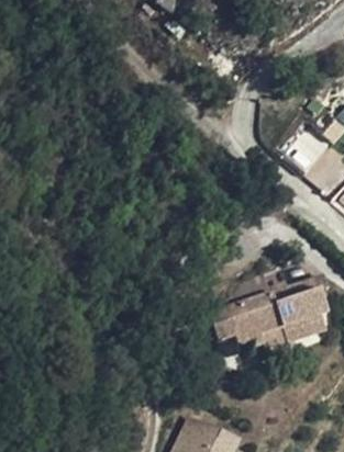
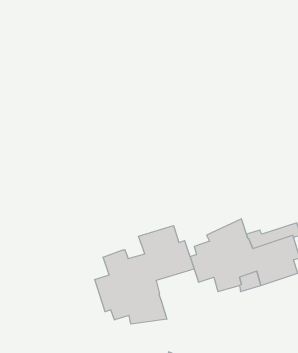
building: none -> [95,226,194,324]

